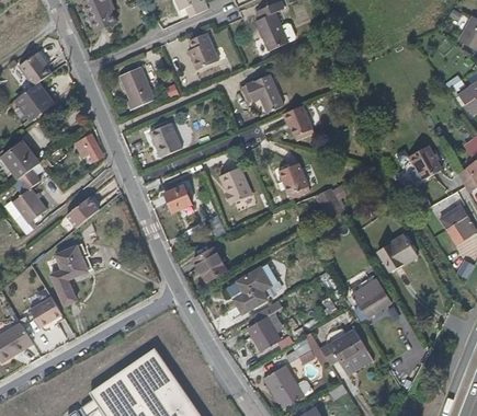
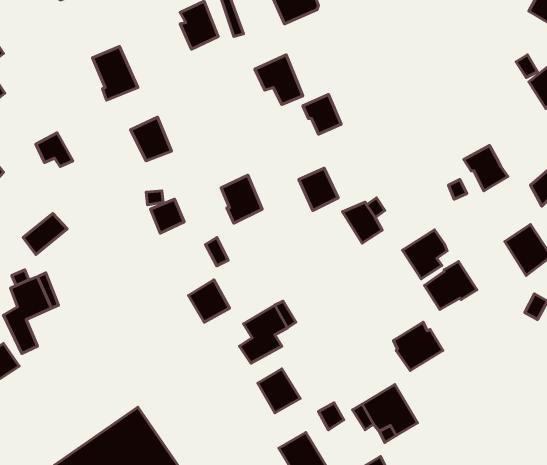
building: none -> [403,230,447,279]

